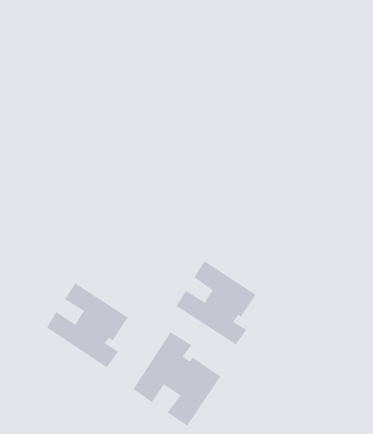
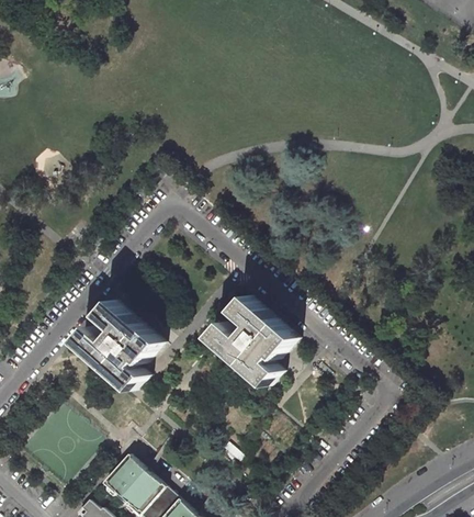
building: [133,331,221,427] -> none

